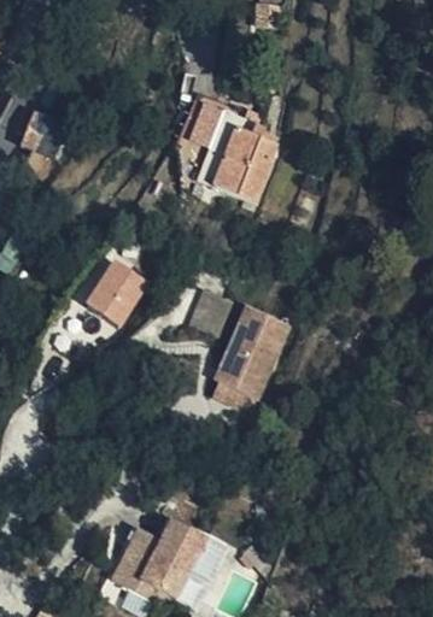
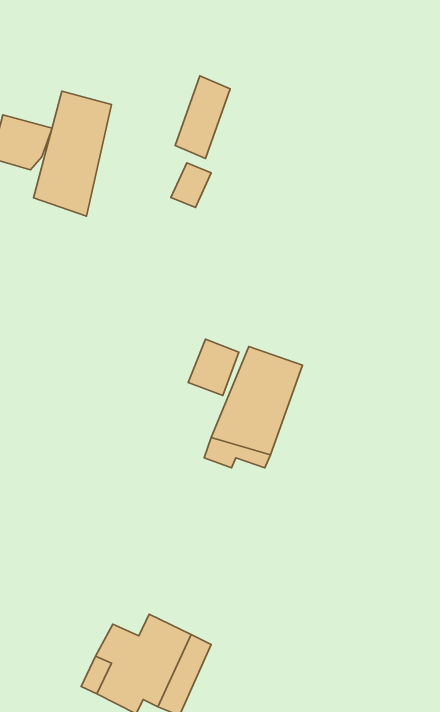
building: none -> [33,91,112,216]
building: [216,111,282,190] -> none
building: [89,269,152,336] -> none

